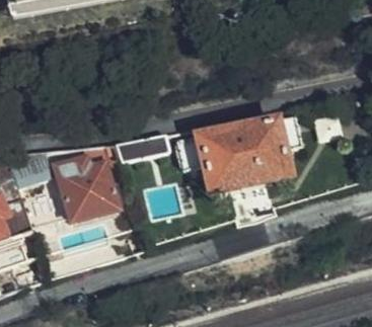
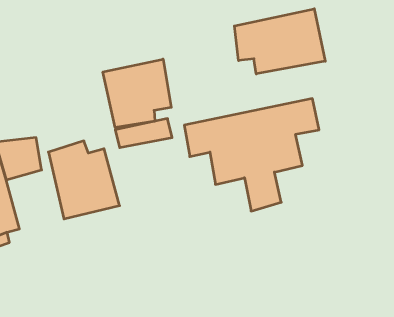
building: none -> [234,9,325,74]
building: none -> [103,59,171,128]

